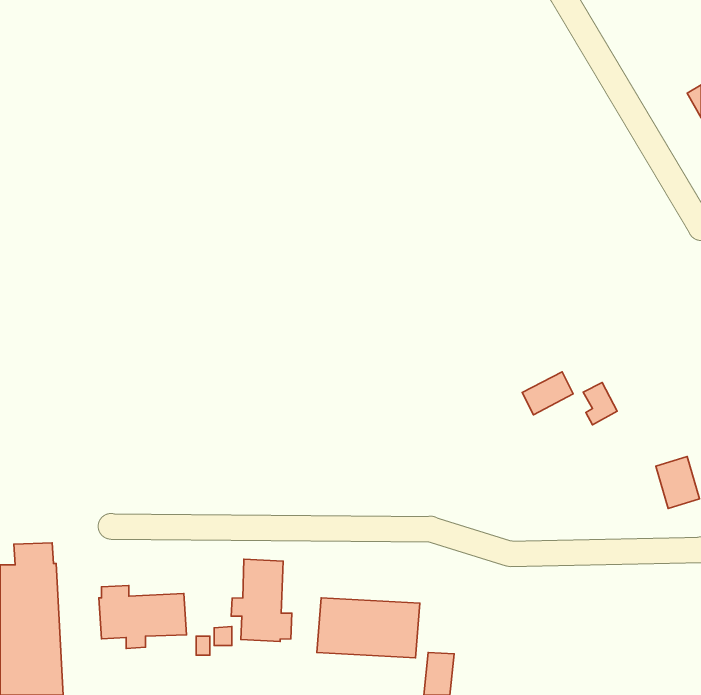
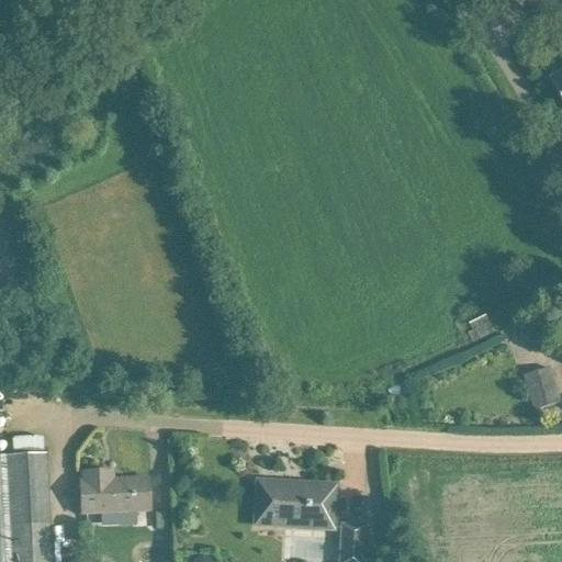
building: [522,372,573,415] -> none
building: [231,559,292,642] -> none

